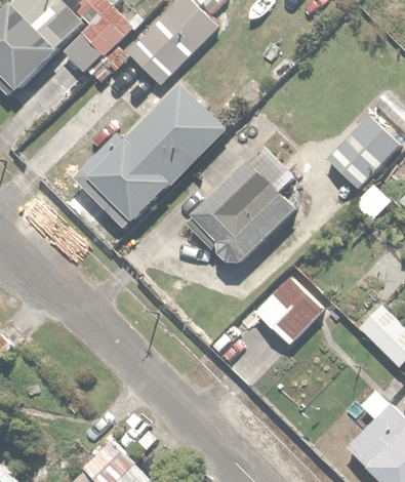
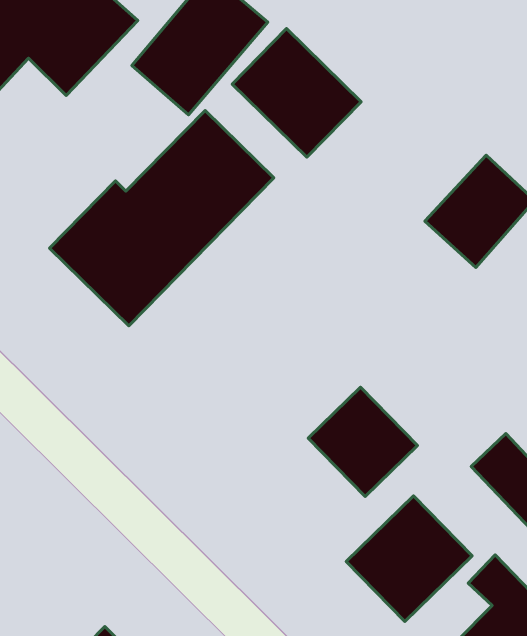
building: none -> [232,28,361,157]
building: [187,146,295,268] -> none
building: none -> [346,496,472,622]

